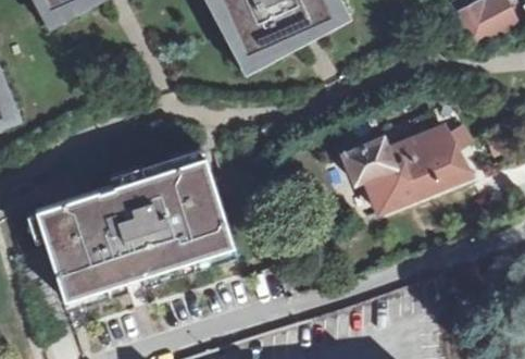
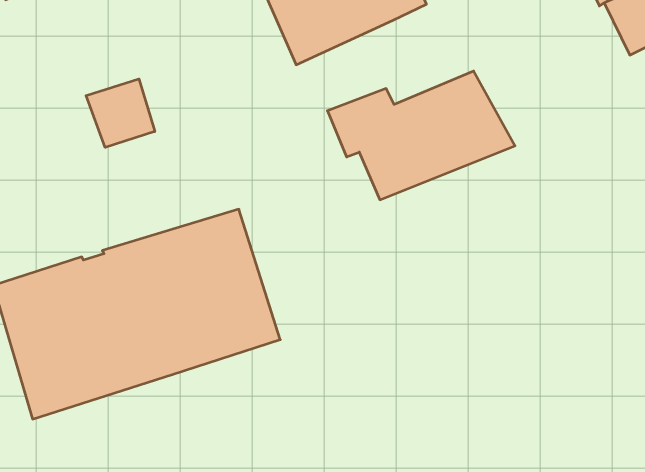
building: none -> [86,79,155,147]
building: [343,125,472,213] -> [327,71,515,200]

